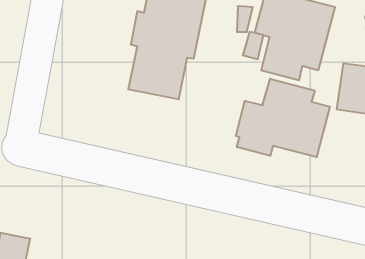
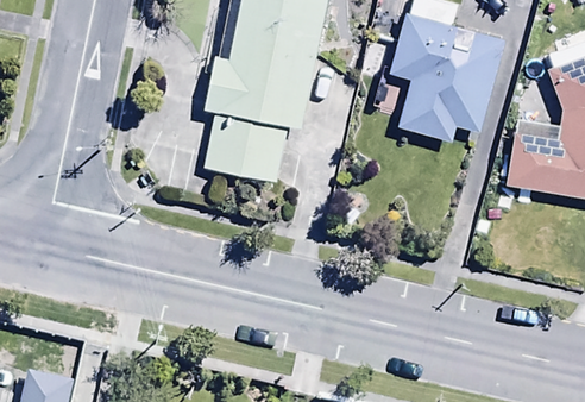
building: [236,79,330,157] -> none

